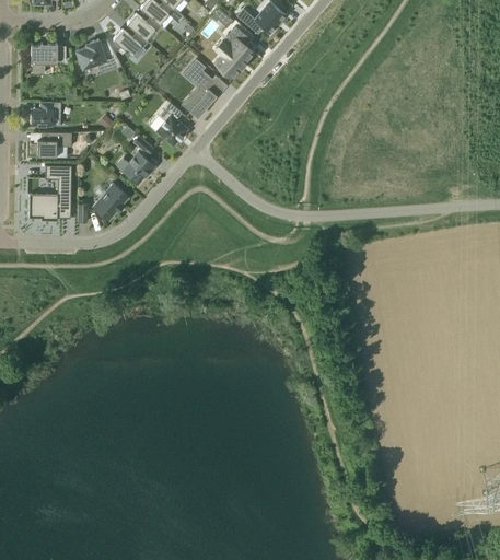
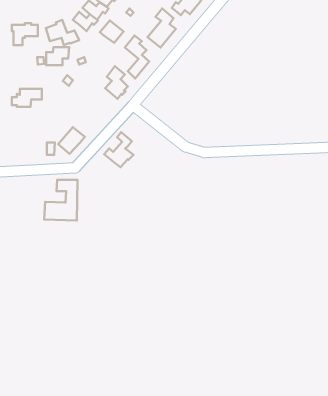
building: none -> [100,20,123,43]
building: [31,102,61,126] -> [46,47,69,65]
building: [116,136,155,183] -> [104,132,133,167]
building: [26,163,71,218] -> [44,180,78,220]

